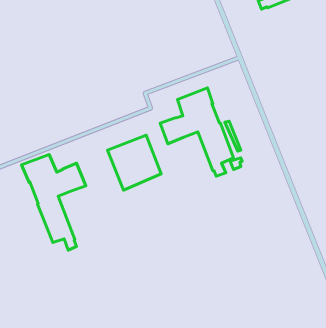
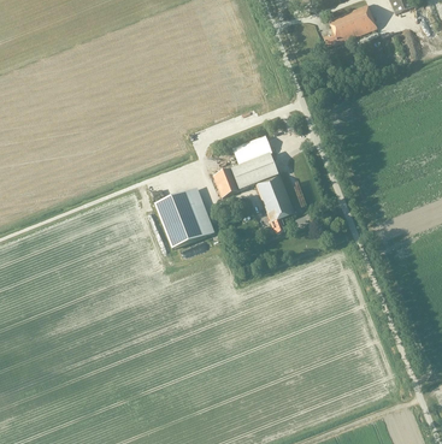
building: [21,155,86,250] -> none

